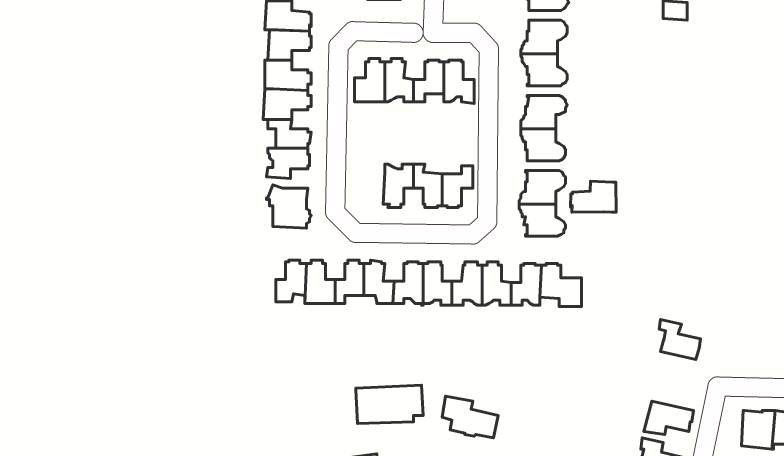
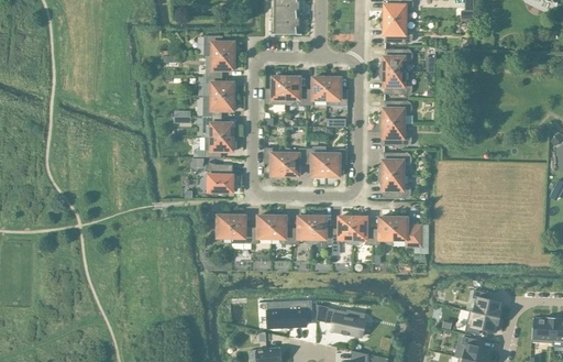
building: none -> [264,147,286,177]
building: [570,181,616,212] -> none
building: [659,319,701,359] -> [473,289,501,317]

